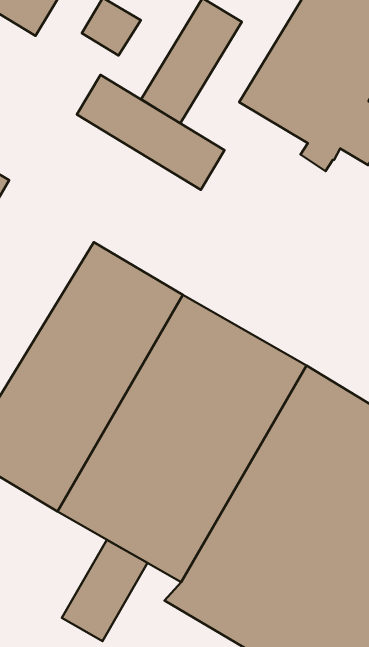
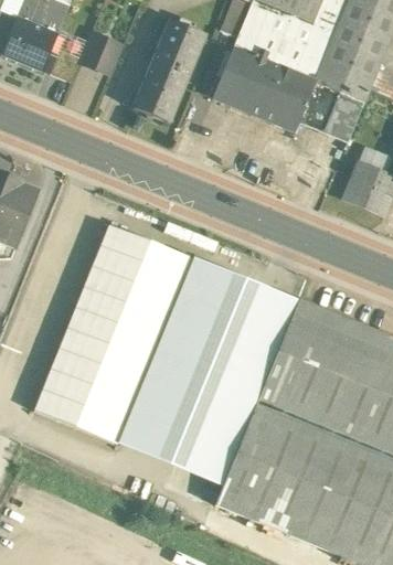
building: [77,75,224,190] -> none
building: [62,540,148,641] -> none

